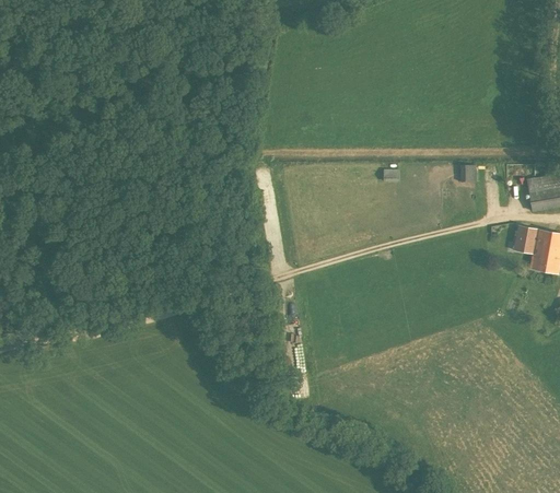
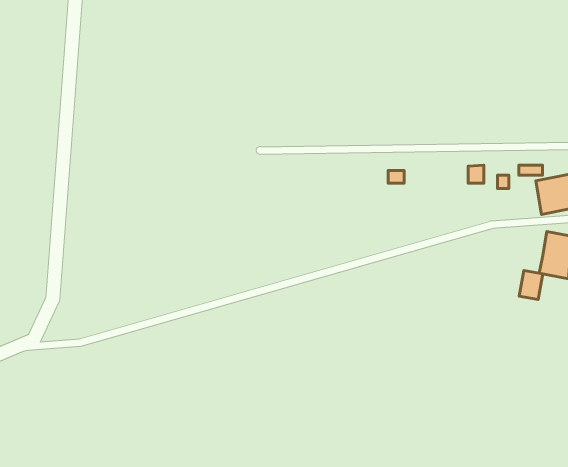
building: [514,225,537,254] -> [519,270,543,300]

